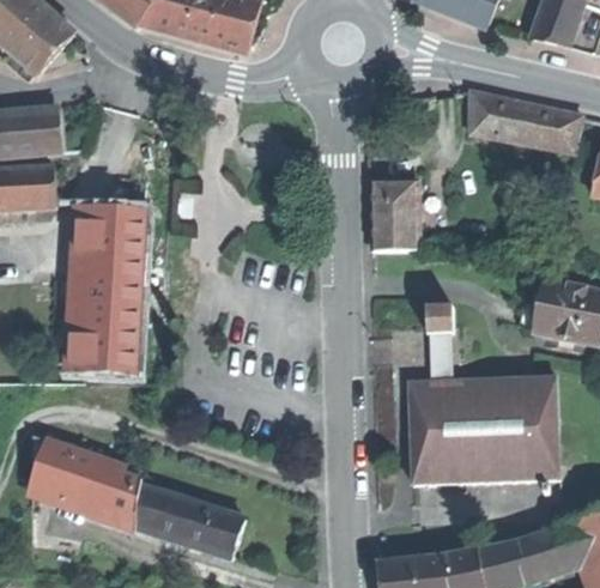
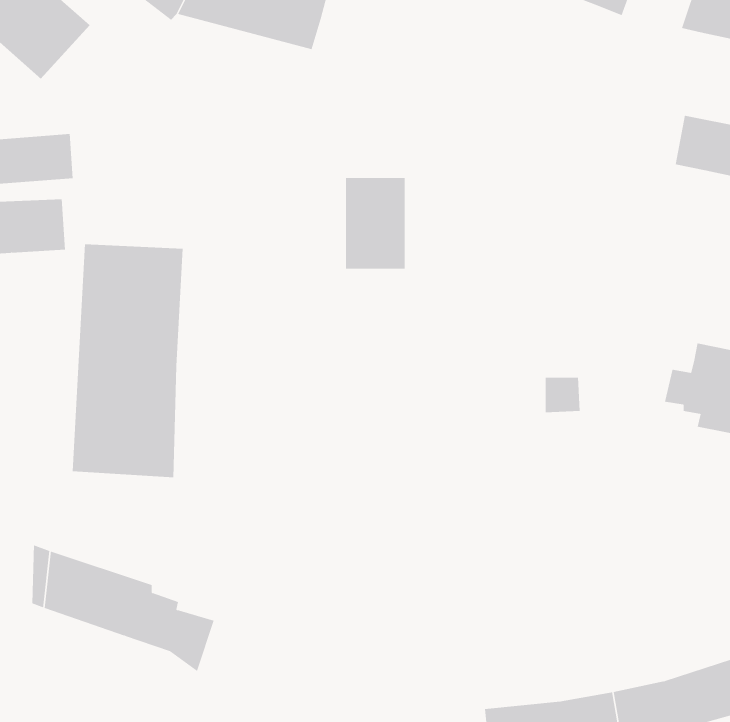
building: [469,89,534,141] -> none
building: [371,178,418,249] -> [345,178,405,269]
building: [410,376,562,483] -> none
building: [158,493,246,558] -> none

